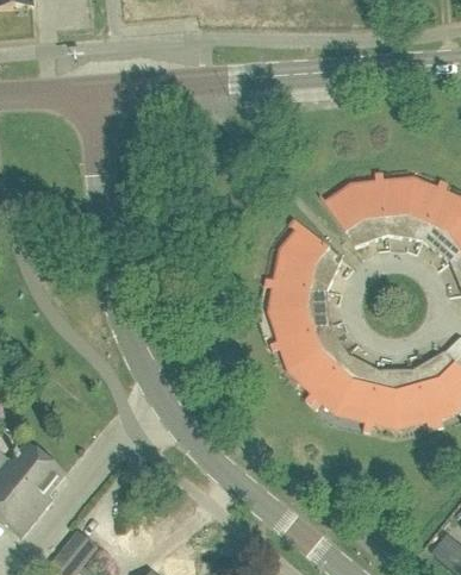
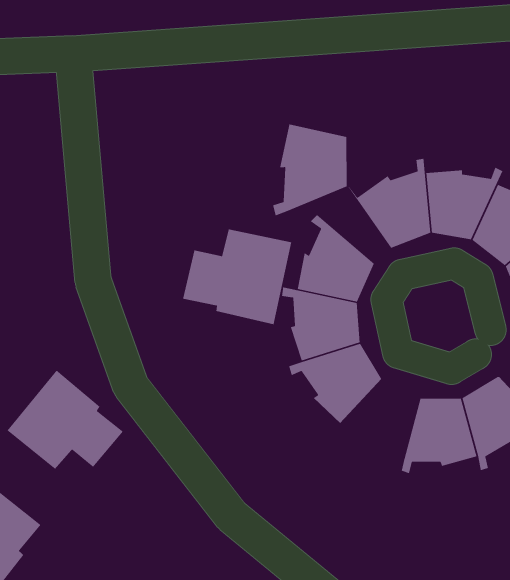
building: none -> [272,124,347,217]
building: none -> [182,229,292,325]
building: none -> [7,369,124,470]
building: [304,354,378,419] -> none

